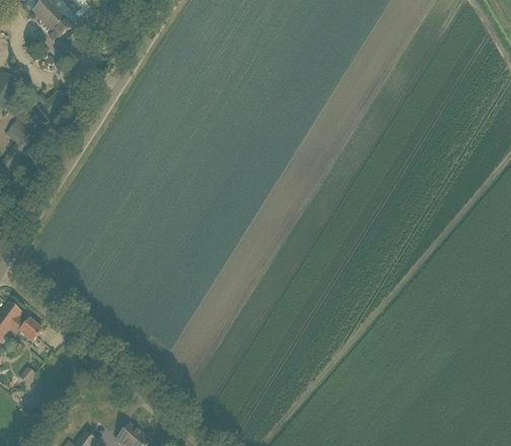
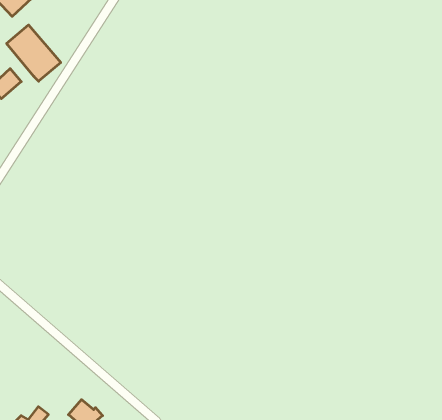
building: none -> [7,25,61,81]

